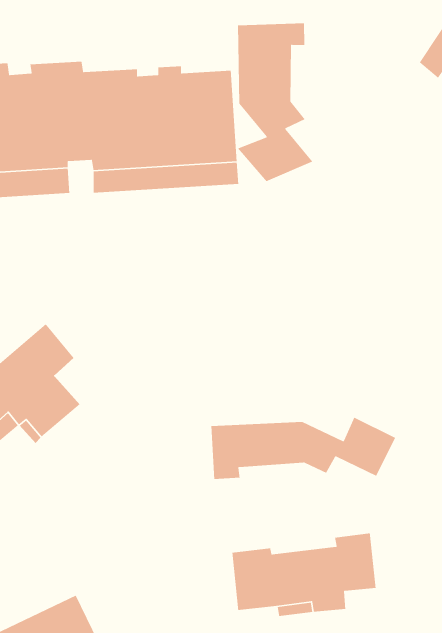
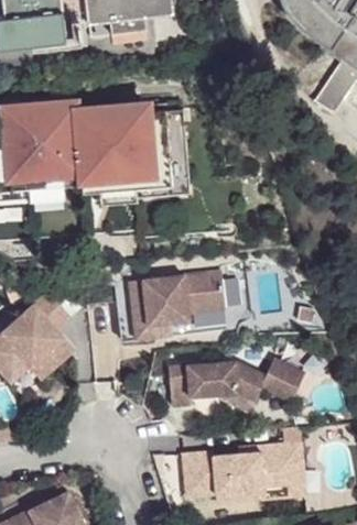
building: [237,22,314,182] -> none
building: none -> [117,273,225,341]
building: none -> [266,441,307,500]

